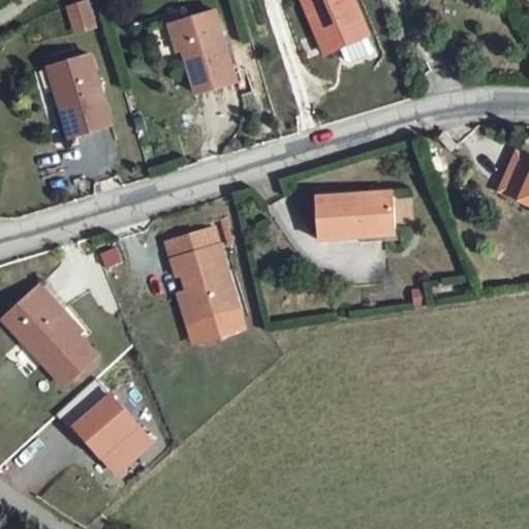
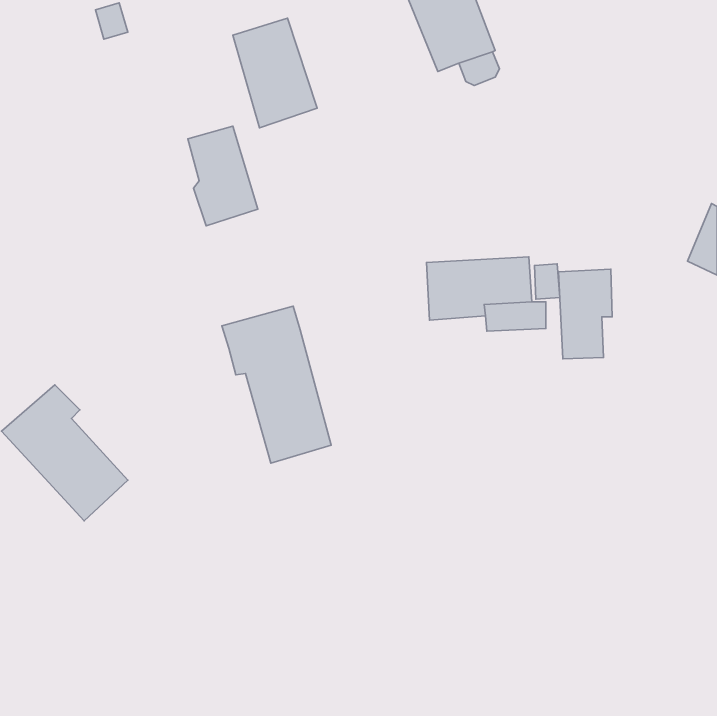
building: [53,61,104,134] -> [188,126,258,226]
building: none -> [559,269,612,359]
building: [56,377,152,471] -> none

